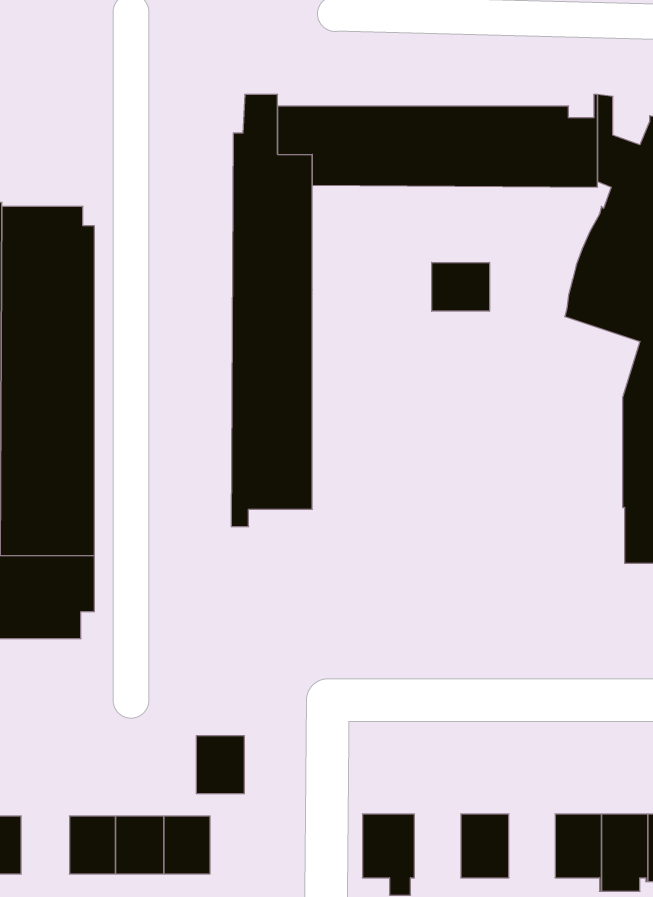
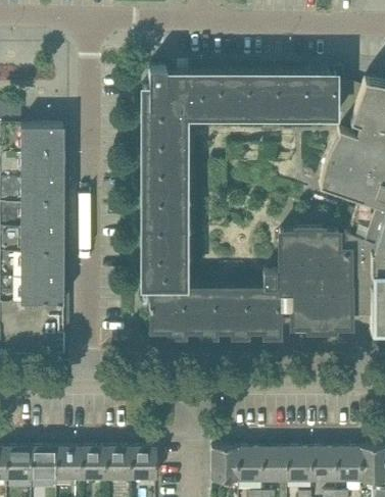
building: [432,262,489,311] -> none
building: none -> [149,229,350,332]
building: [196,736,244,794] -> [131,450,156,481]
building: none -> [239,449,263,483]
building: none -> [289,449,314,483]
building: none -> [31,450,56,481]

